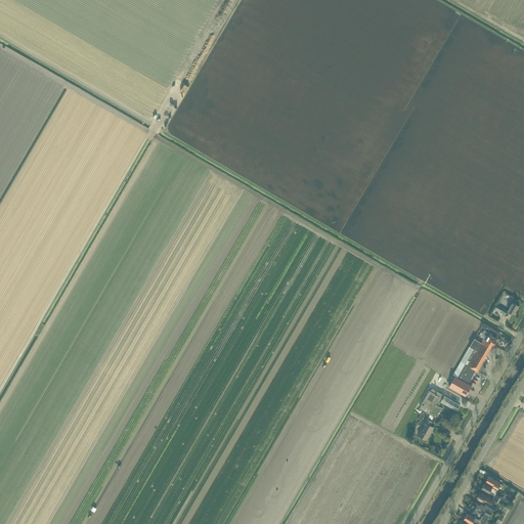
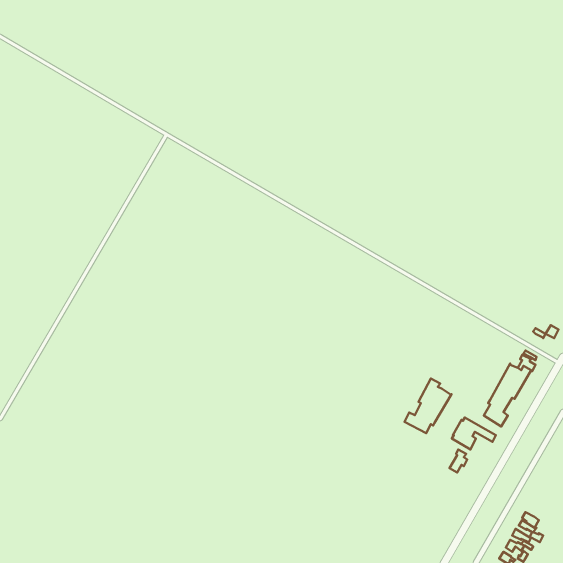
building: none -> [404,378,451,433]

